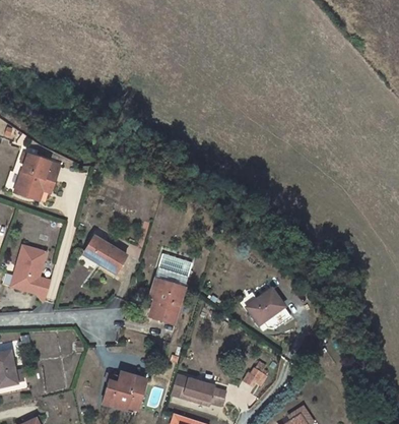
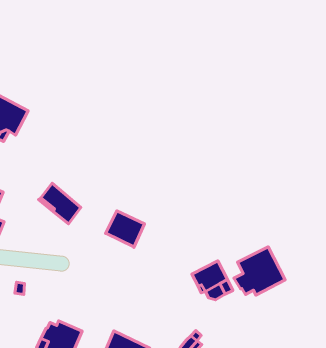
building: none -> [234,247,285,295]
building: [148,278,184,323] -> none

